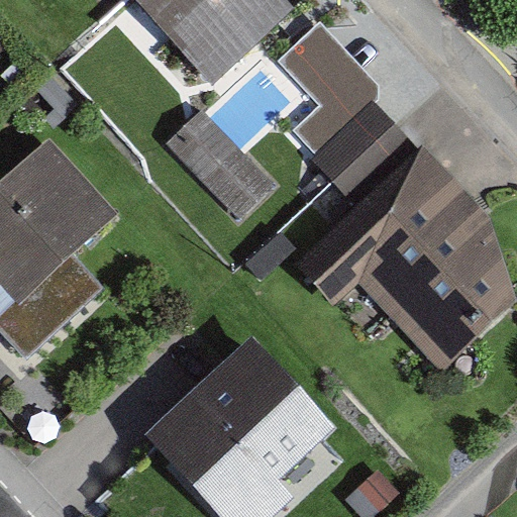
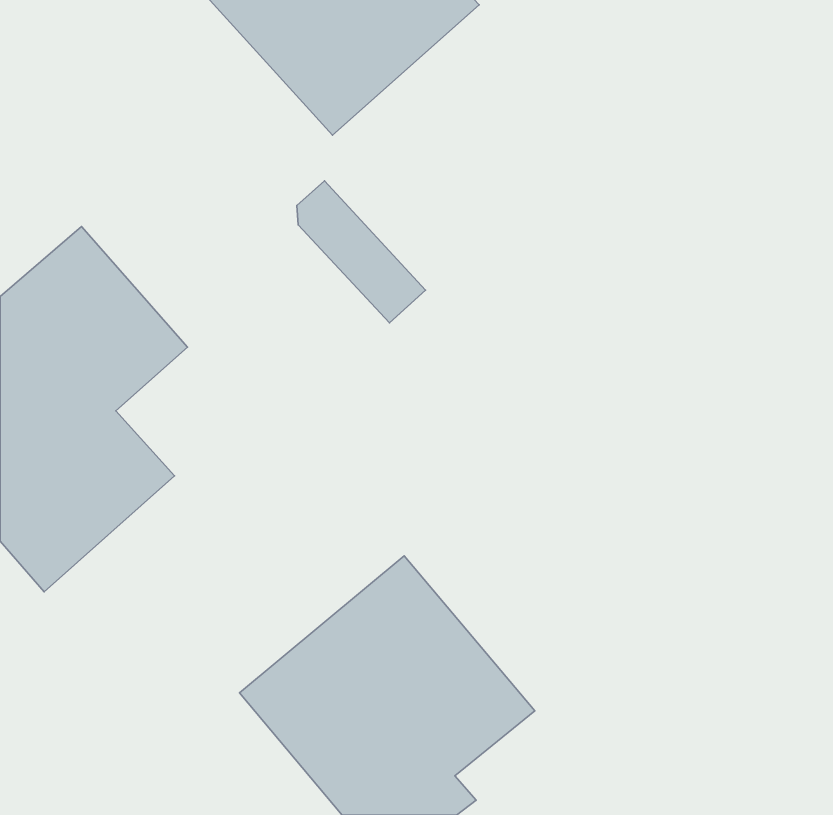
building: [282,30,412,191] -> none
building: [306,149,506,348] -> none

